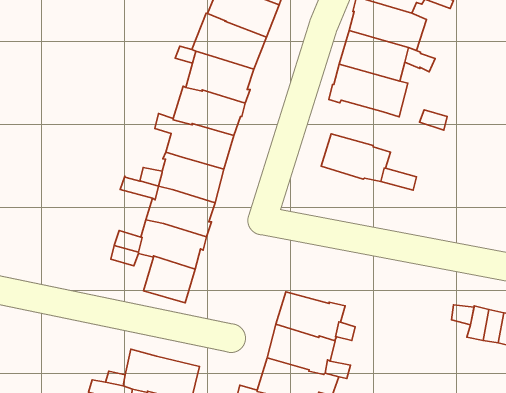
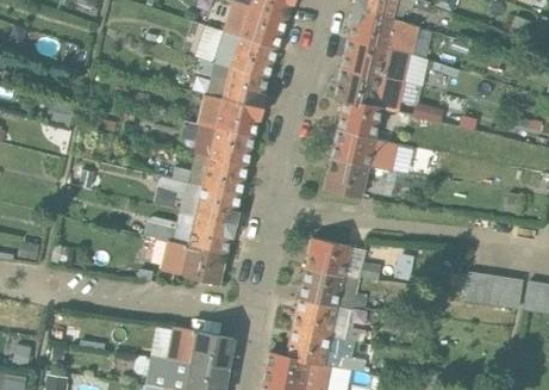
building: none -> [338,100,382,138]
building: none -> [324,159,368,198]
building: none -> [306,239,381,280]

